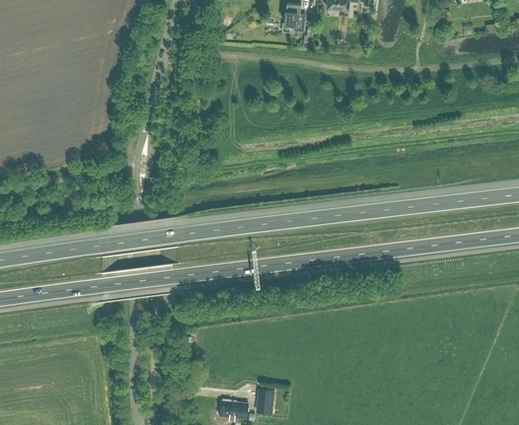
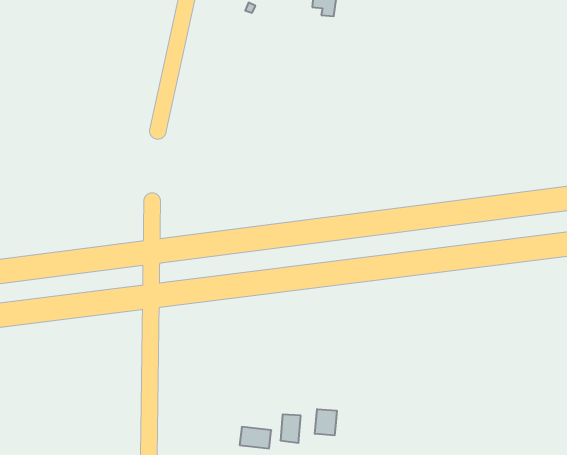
building: none -> [315,409,337,435]

